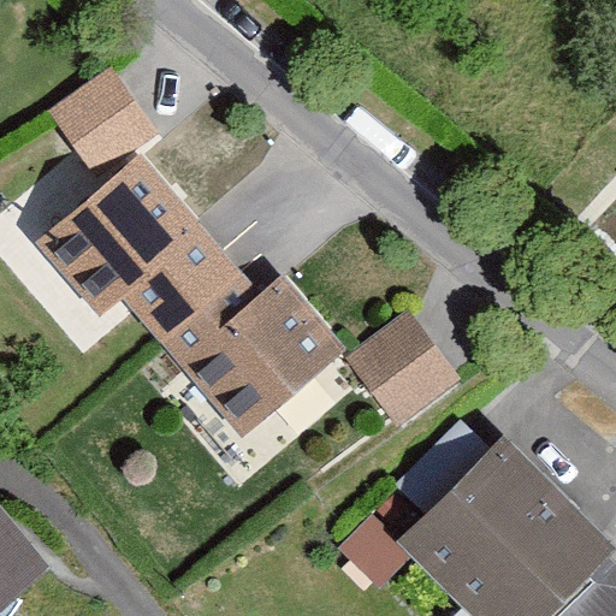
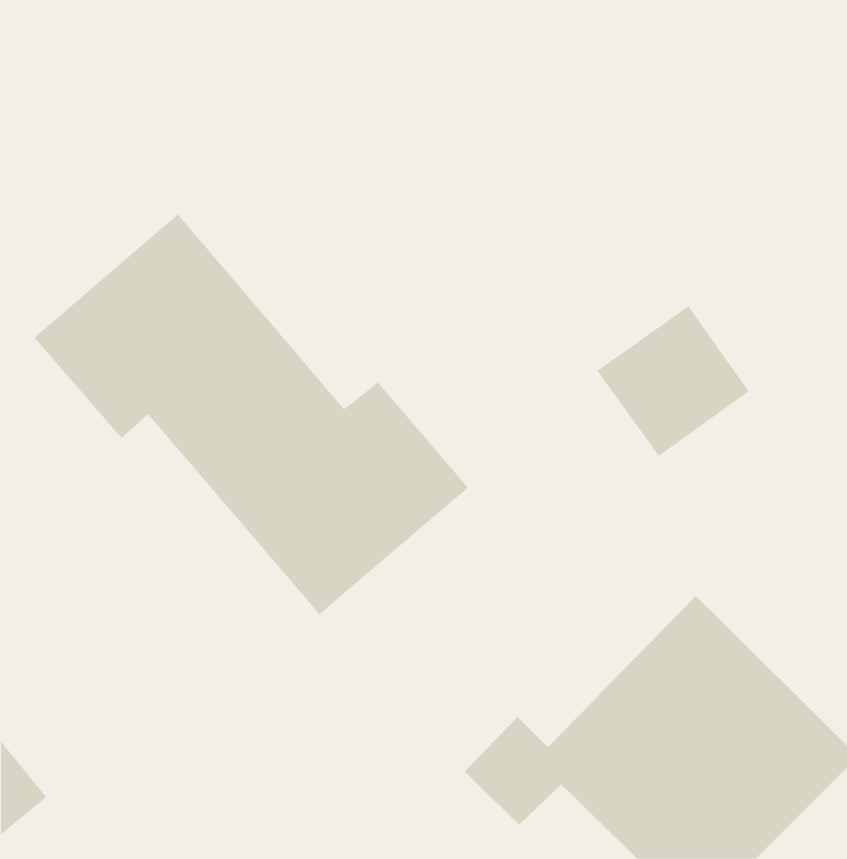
building: [48,73,154,174] -> none
building: [348,314,457,422] -> [596,305,749,457]

